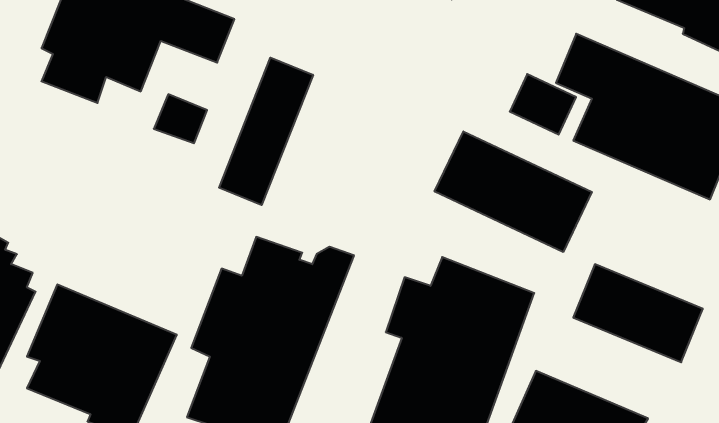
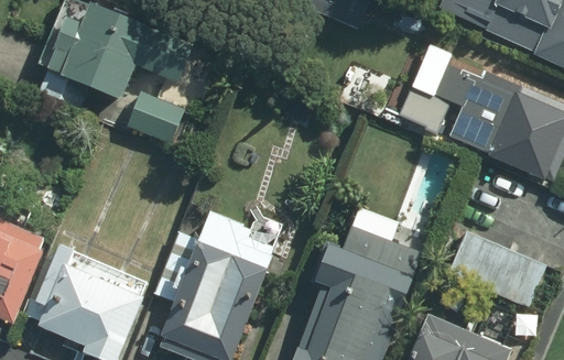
building: [219,58,313,205] -> none
building: [435,131,592,252] -> none

